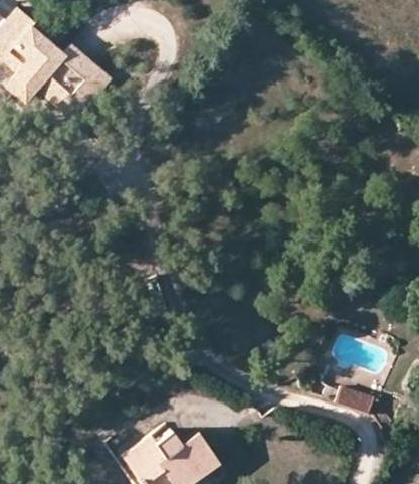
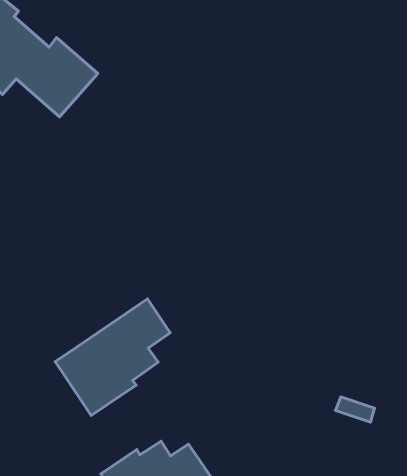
building: none -> [55,299,170,416]

